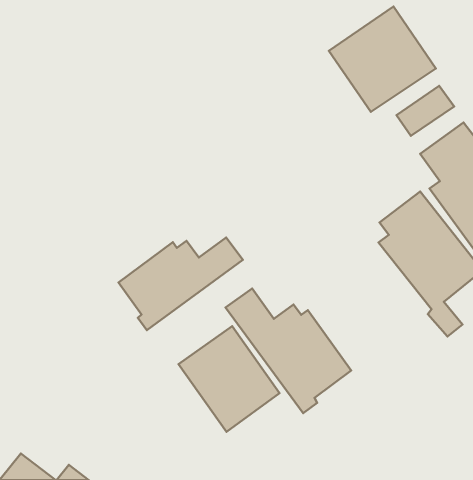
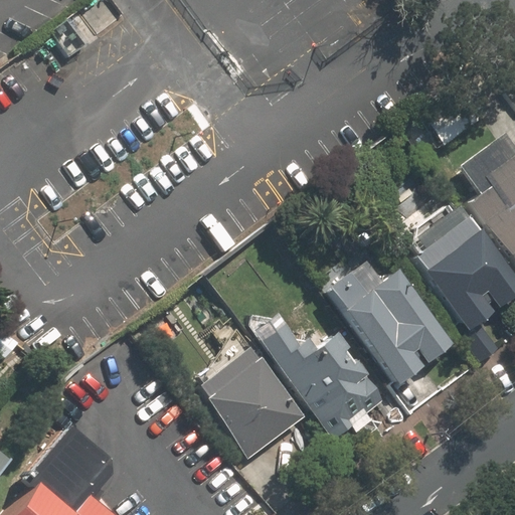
building: [329,6,436,112] -> none
building: [118,237,243,330] -> none
building: none -> [327,258,456,387]

